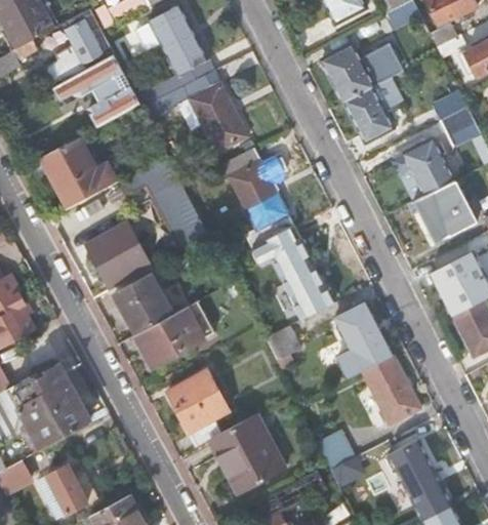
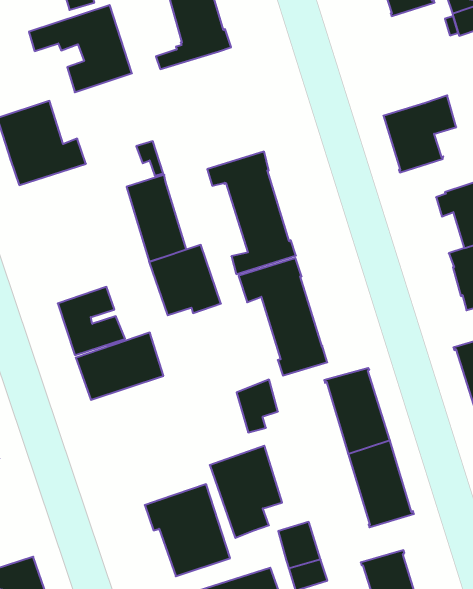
building: [321,43,404,103] -> none
building: [157,75,248,153] -> none
building: [89,224,151,283] -> [149,245,221,315]
building: [167,371,229,447] -> [210,446,282,538]

